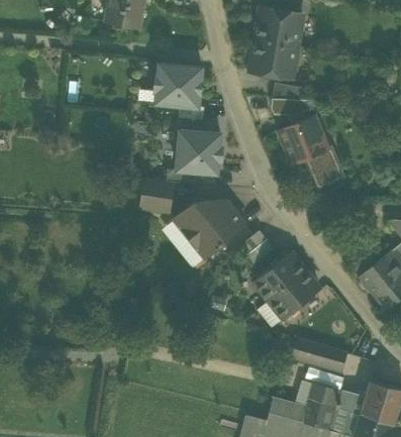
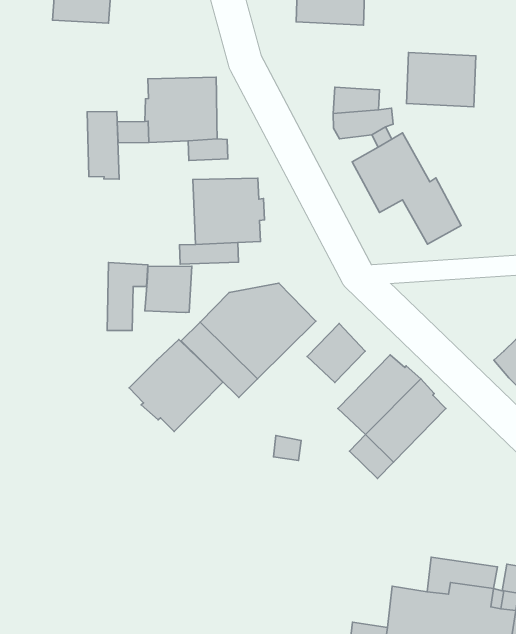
building: [250,39,297,78] -> [407,53,476,107]
building: none -> [87,111,119,179]
building: none -> [107,262,148,331]
building: none -> [129,339,223,432]
building: [292,338,347,370] -> none

